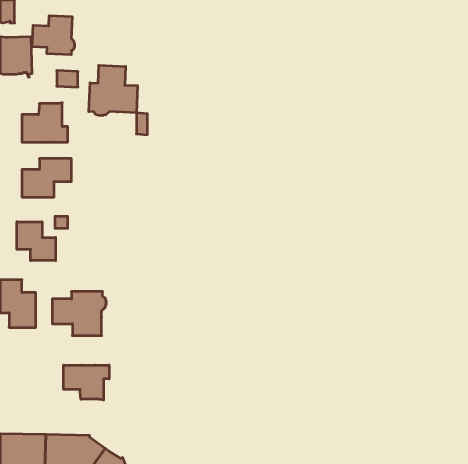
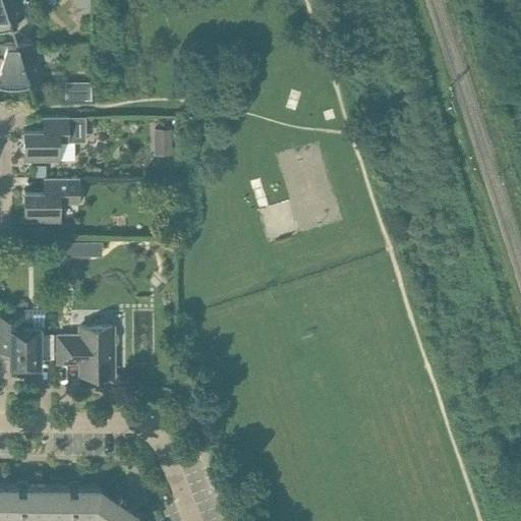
building: [32,16,75,55] -> none
building: [89,65,138,116] -> none
building: [17,222,56,261] -> none
building: [64,365,109,400] -> none

